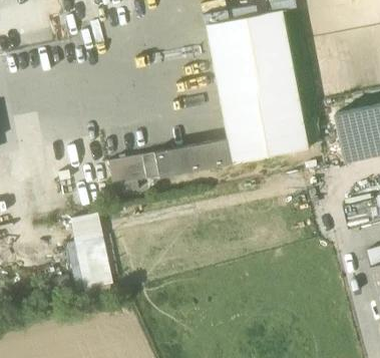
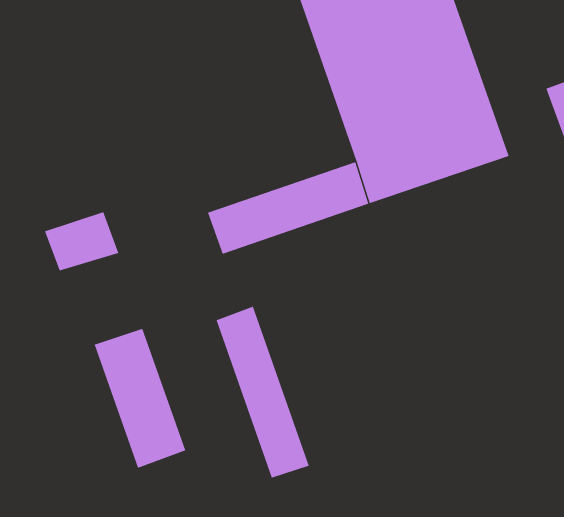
building: [106,154,145,184] -> [44,211,119,271]
building: none -> [216,306,309,479]

